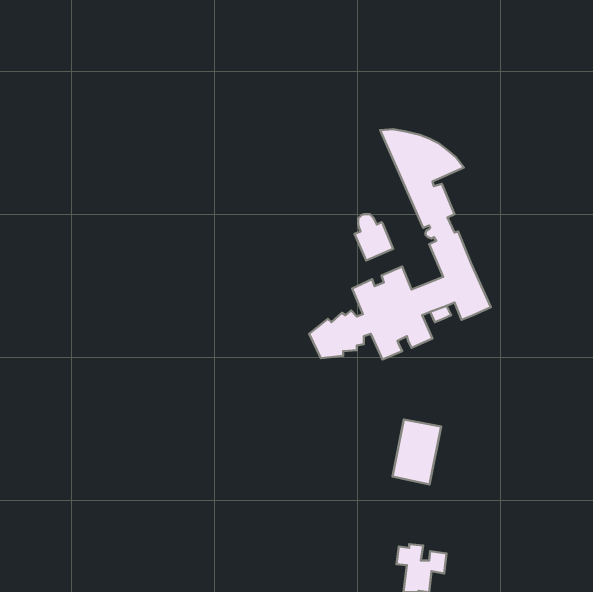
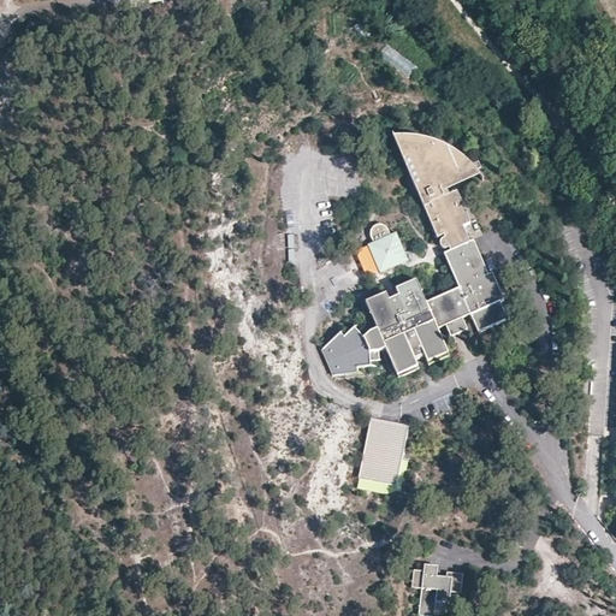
building: [392,419,441,485] -> [356,416,407,484]

